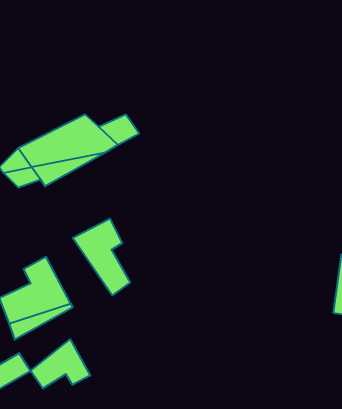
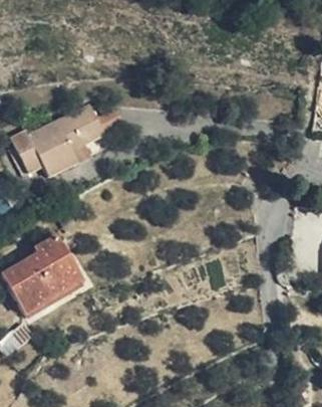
building: [73,218,130,295] -> none
building: [30,339,90,389] -> none

